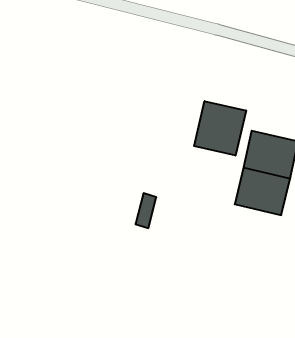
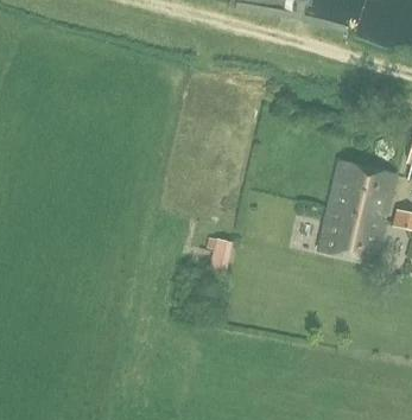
building: [194,101,246,156] -> none

